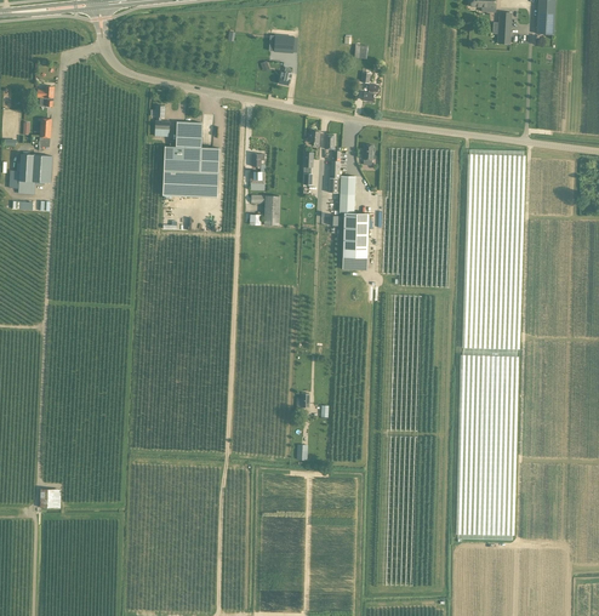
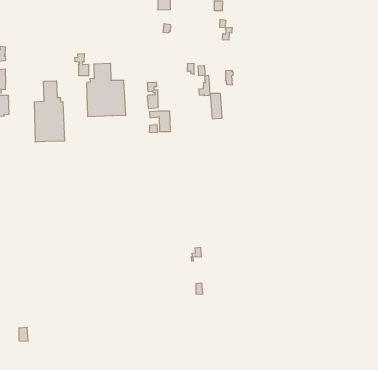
building: none -> [35,81,64,142]
building: [341,211,367,257] -> none

